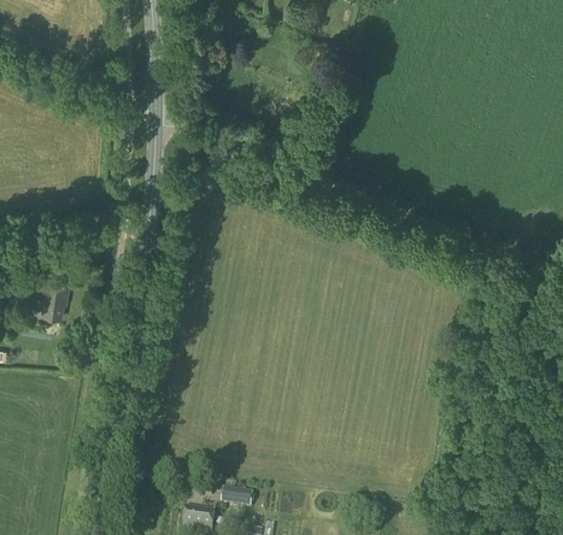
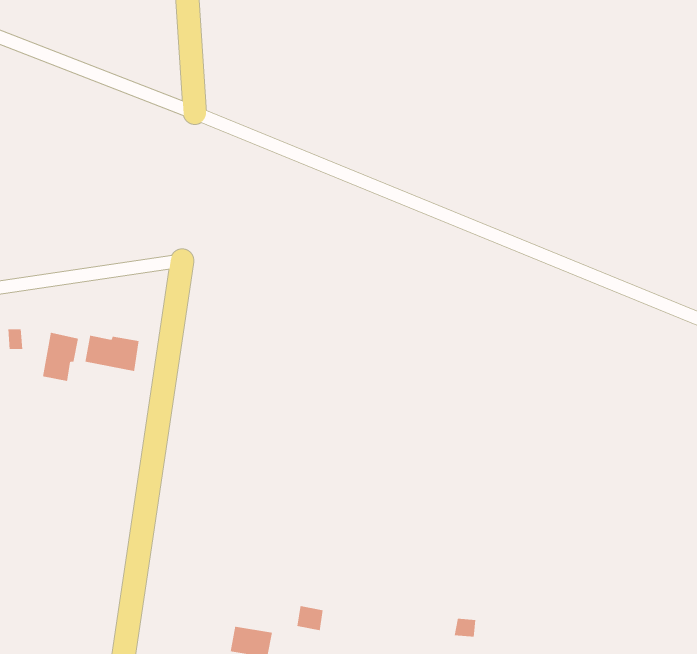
building: none -> [85,335,139,372]

